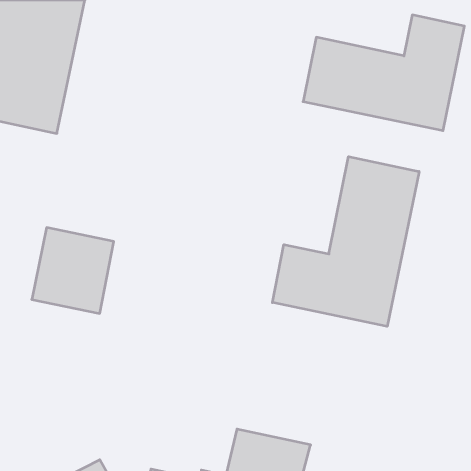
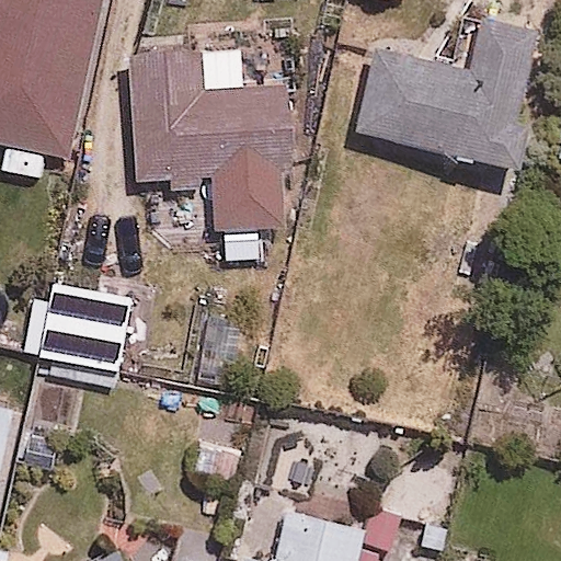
building: none -> [124,44,293,238]
building: [272,157,419,326] -> none

